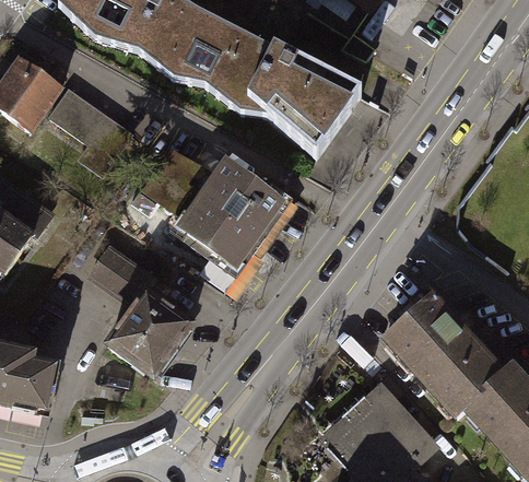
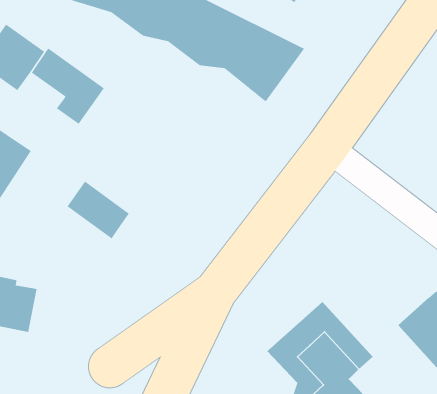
building: [177,158,287,270] -> none
building: [107,290,196,380] -> none
building: [384,292,498,410] -> none

